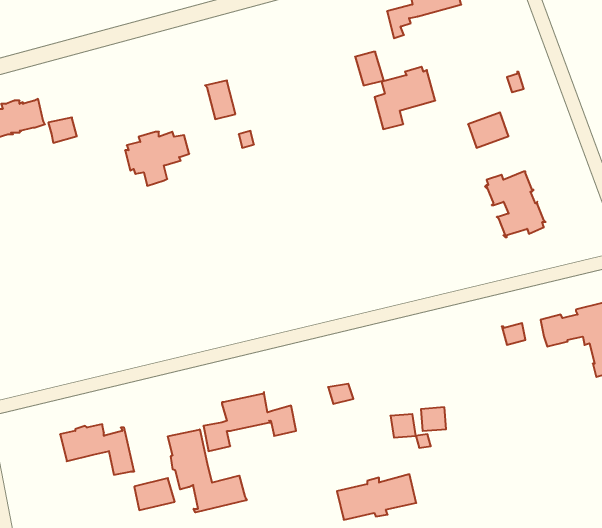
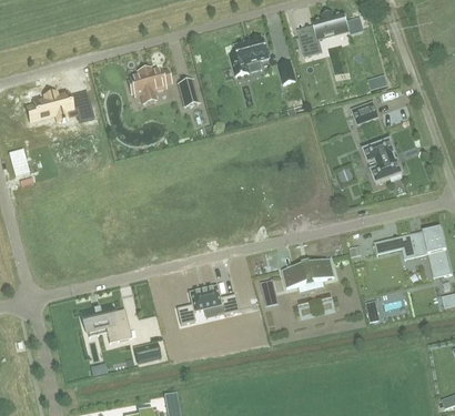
building: [375,67,435,129] -> [229,34,269,75]
building: [125,132,189,186] -> [128,68,170,103]
building: [168,429,247,512] -> none
building: [337,474,416,520] -> [281,257,333,287]

